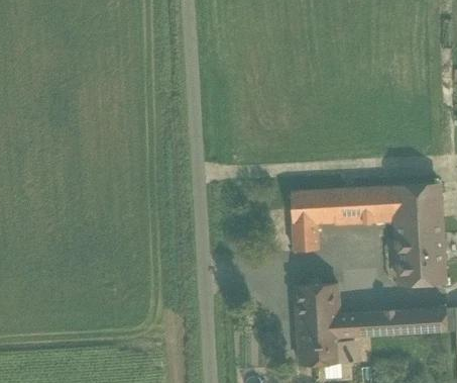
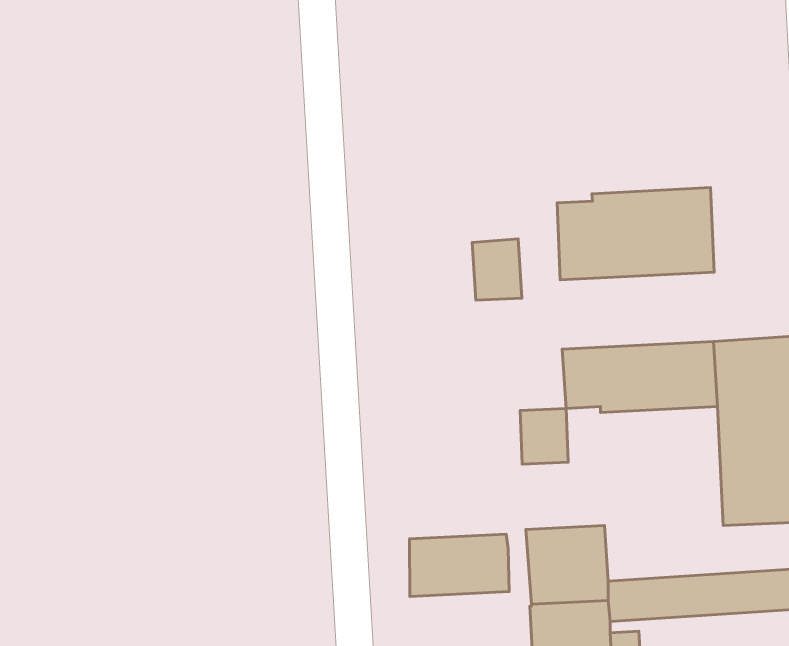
building: none -> [557,188,714,280]
building: [290,192,316,224] -> [472,239,522,300]
building: none -> [410,534,509,596]

